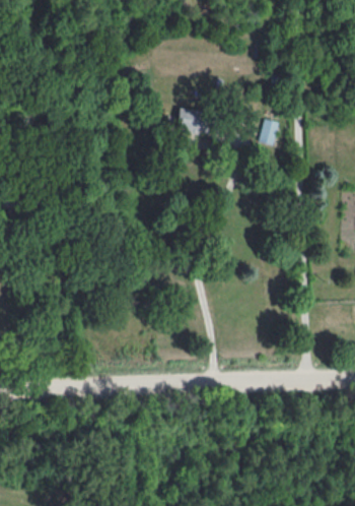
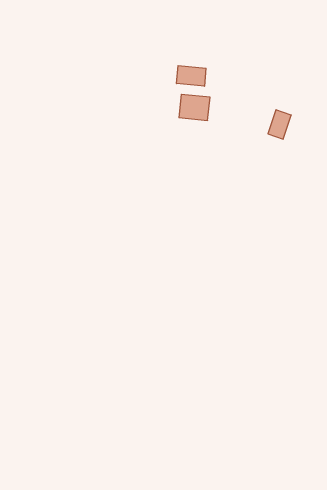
building: none -> [177,66,206,86]

